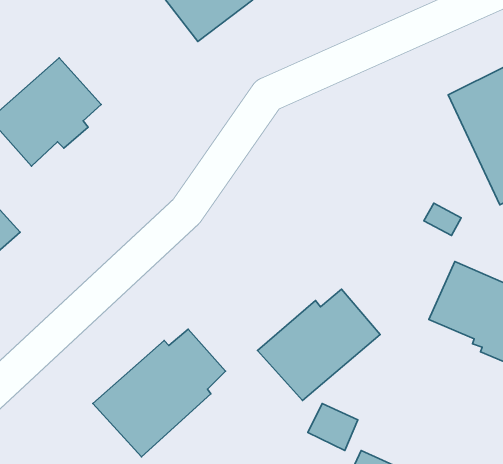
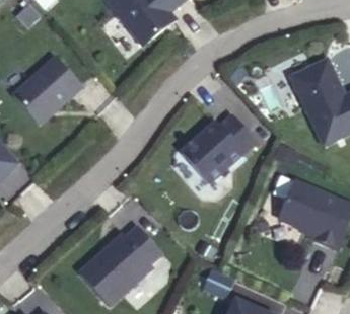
building: [257,289,380,401] -> [177,113,254,183]

